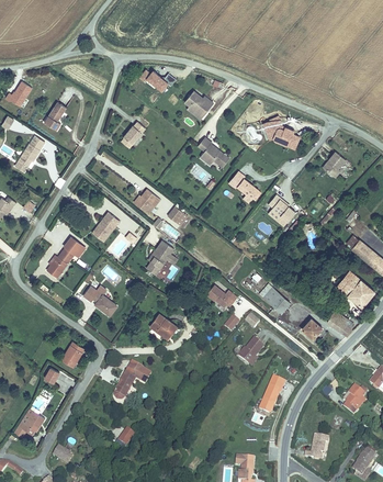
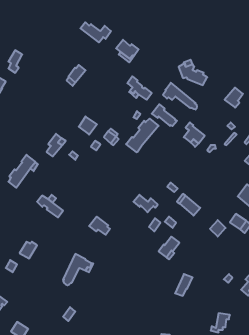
building: none -> [163,83,197,110]
building: none -> [126,119,159,152]
building: [145,239,173,273] -> none

